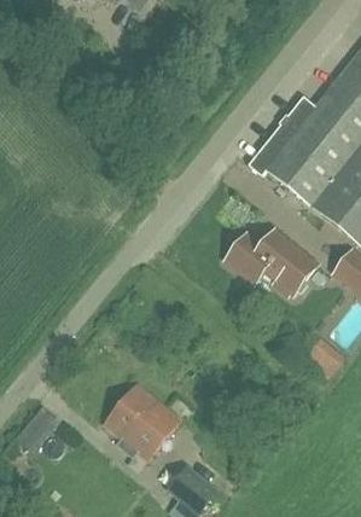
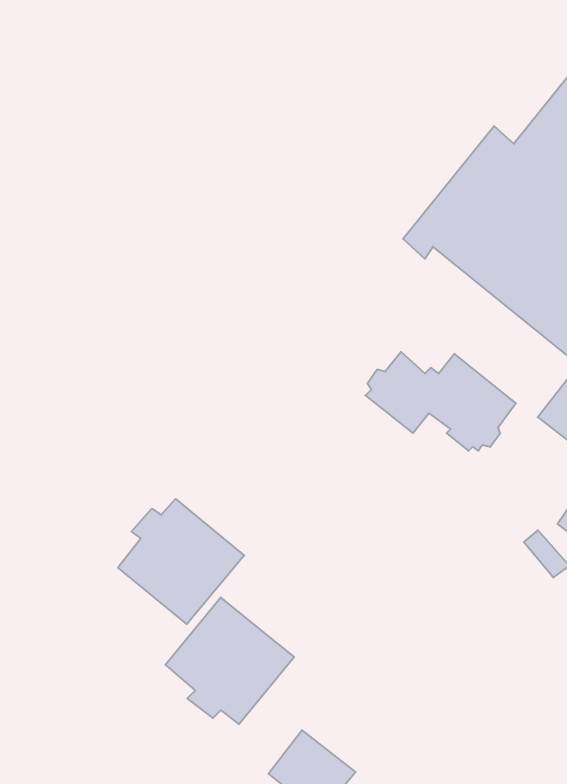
building: none -> [118,499,244,624]
building: [14,406,57,451] -> none

